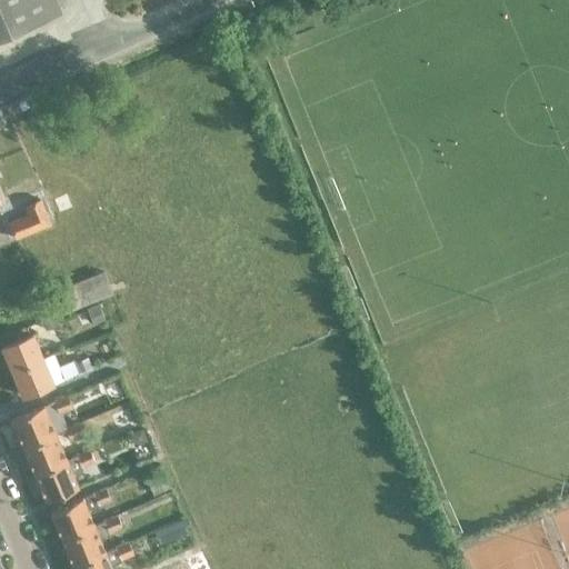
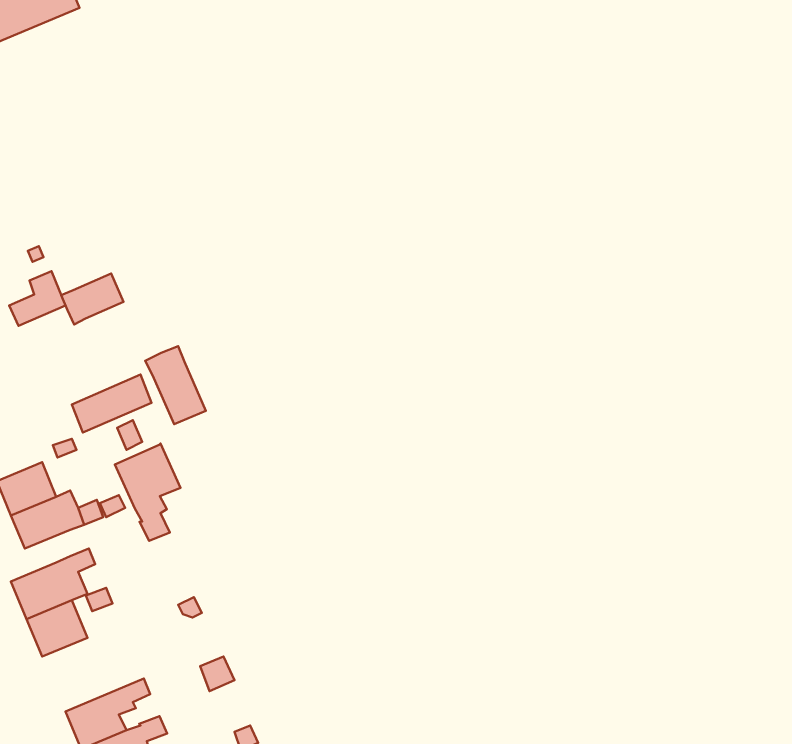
building: none -> [61,273,123,324]
building: none -> [145,346,206,424]
building: none -> [115,444,180,541]
building: [32,451,93,502] -> none

